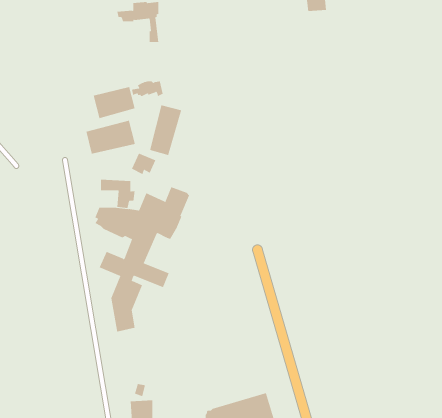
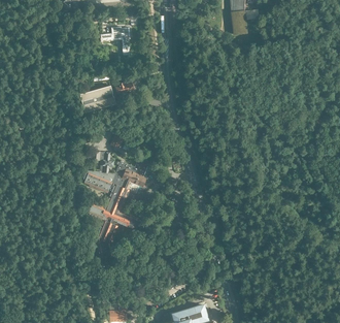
building: [149,104,182,156] -> none
building: [86,120,136,154] -> none

